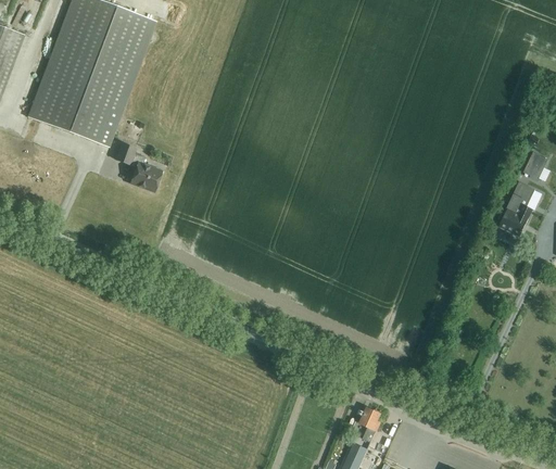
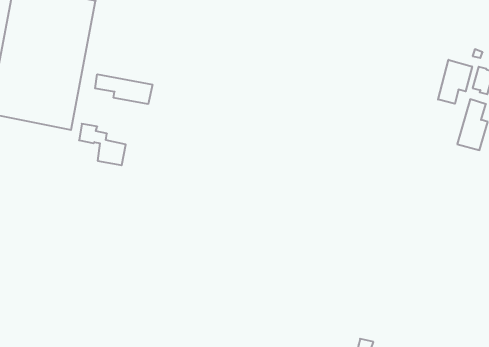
building: none -> [95,74,152,104]
building: none -> [438,60,472,104]

